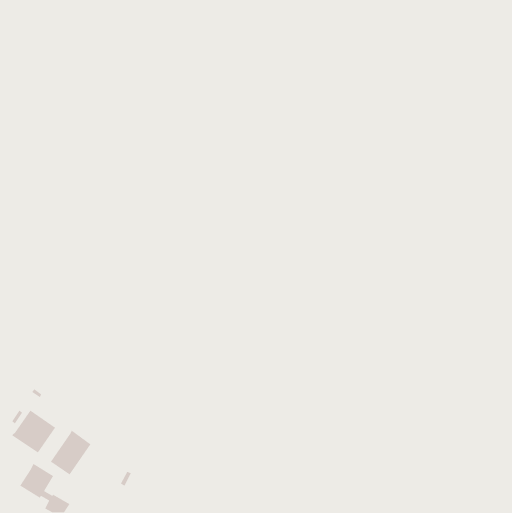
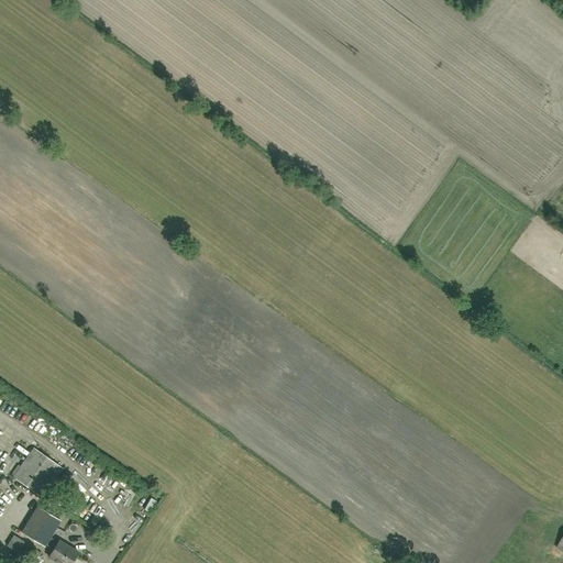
building: [50,429,91,476] -> none

